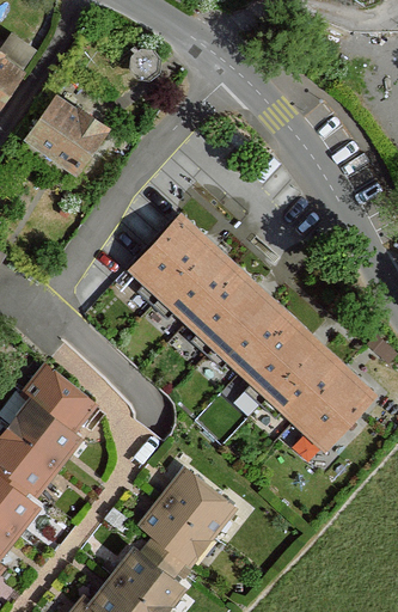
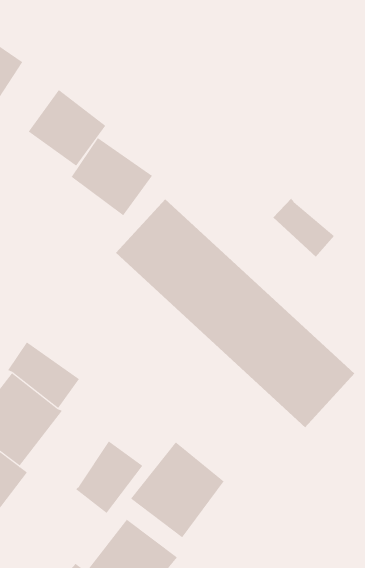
building: none -> [71,137,153,216]
building: none -> [272,198,335,257]
building: none -> [75,440,143,514]

